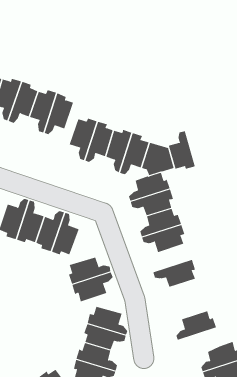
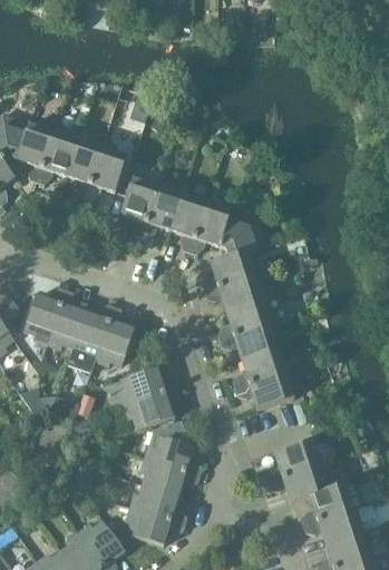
building: [168,130,195,170] -> none
building: none -> [233,350,290,389]
building: none -> [269,464,328,503]

